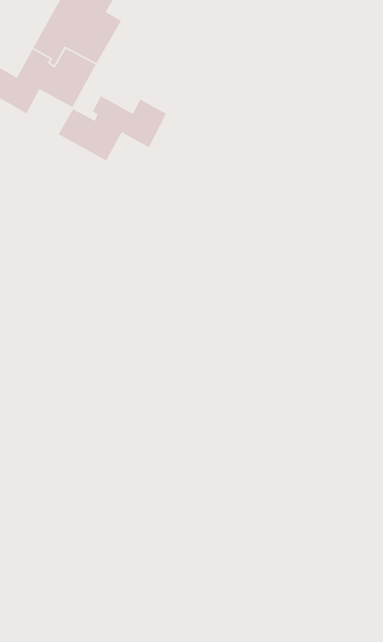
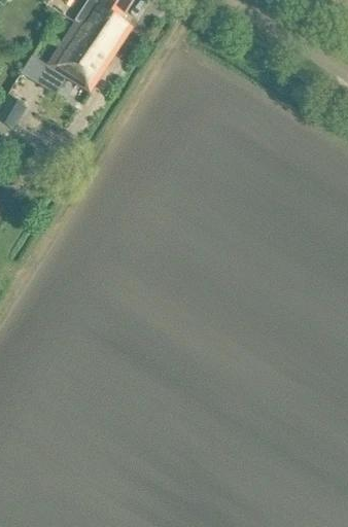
building: [58,95,167,161] -> none

